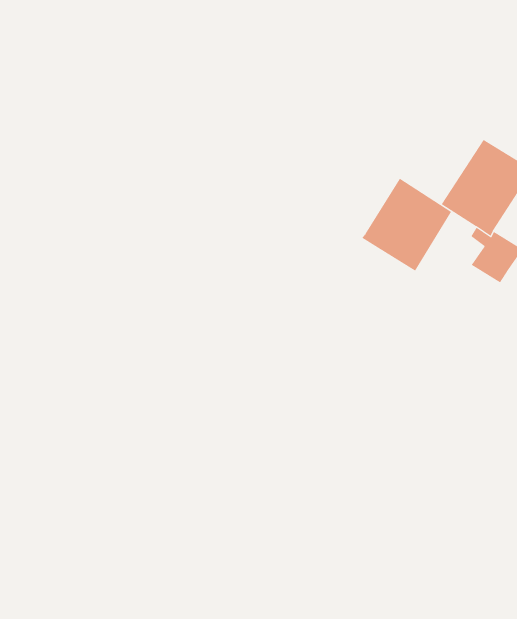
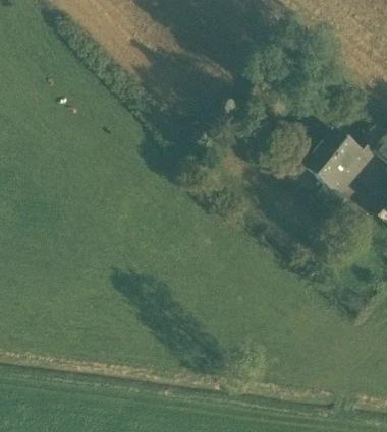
building: [361,178,452,272] -> none

